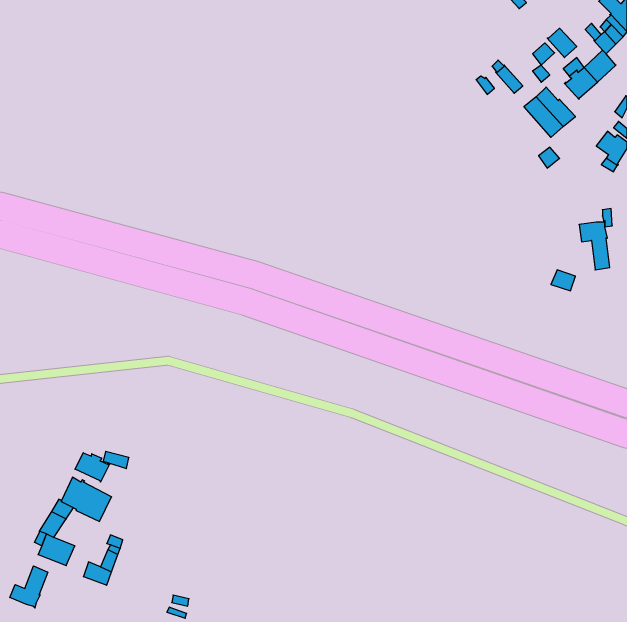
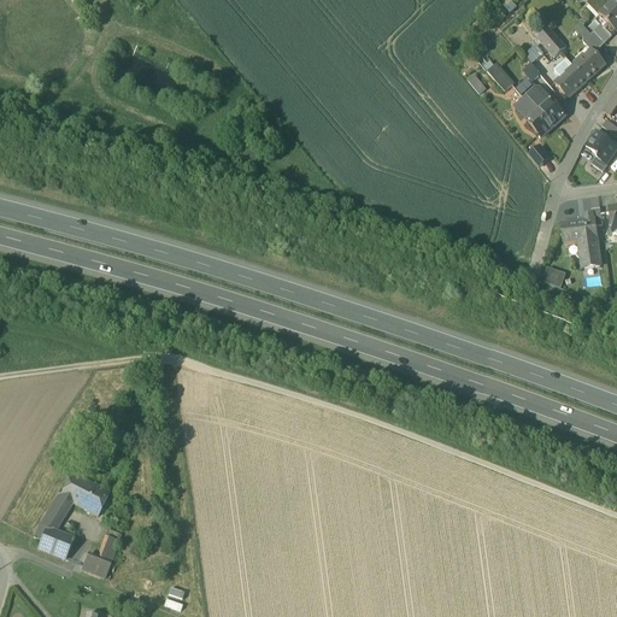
building: [75,453,110,482] -> none
building: [10,566,48,608] -> none

